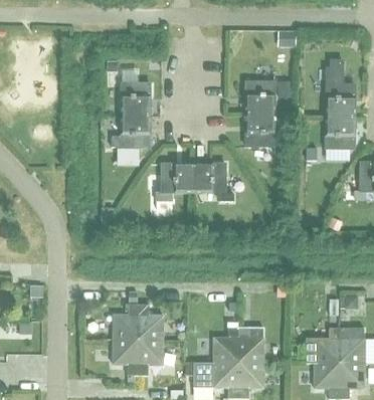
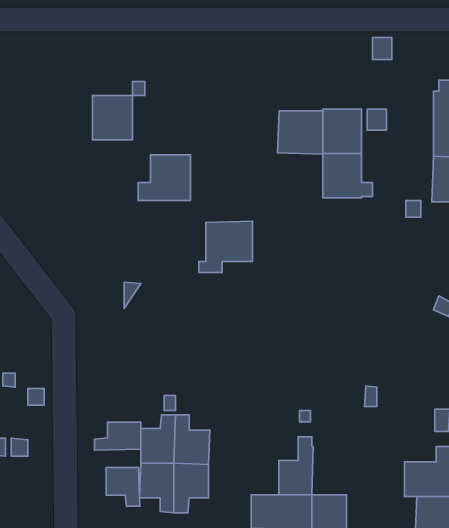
building: [120,82,149,115] -> [93,95,133,140]
building: none -> [278,111,323,154]
building: [194,163,232,201] -> none
building: none -> [94,422,141,450]
building: [237,327,262,362] -> none
building: none -> [106,467,140,506]

